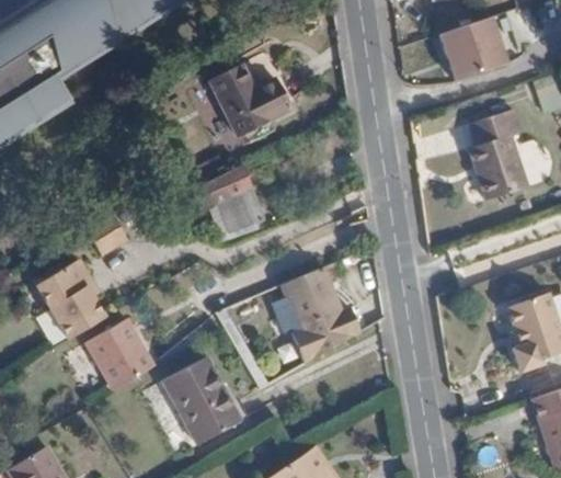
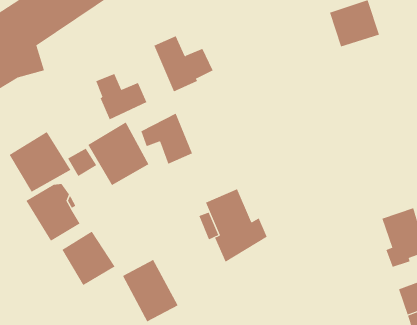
building: [468,111,520,202] -> none
building: none -> [95,73,147,120]
building: none -> [87,121,149,186]
building: none -> [9,131,71,192]

